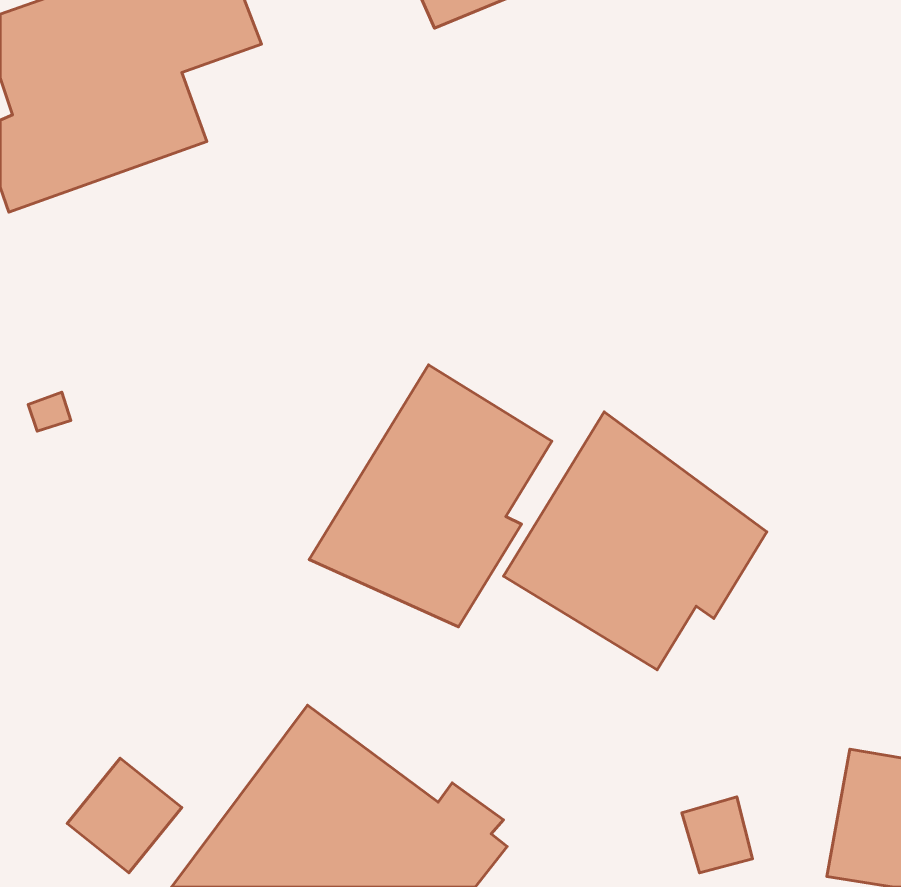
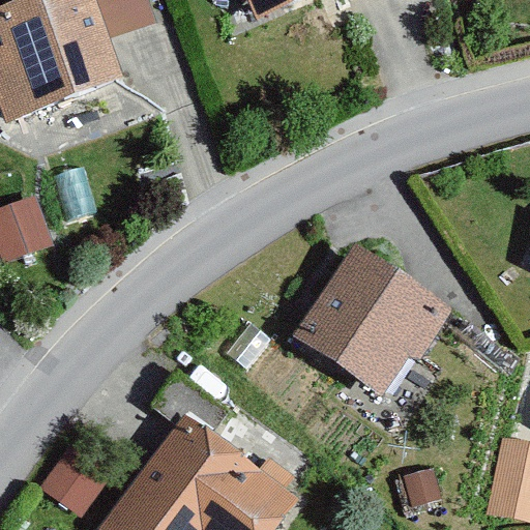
building: [309,365,552,627] -> none

